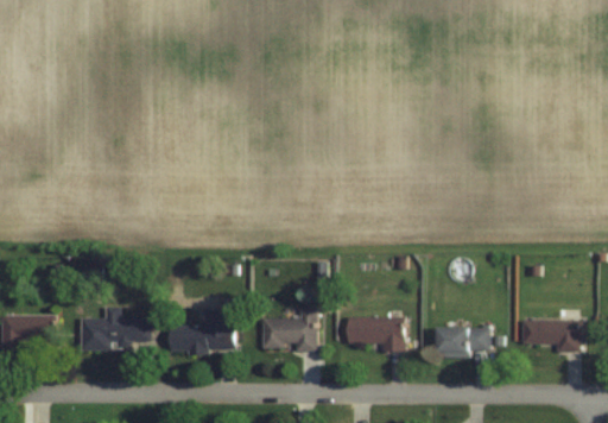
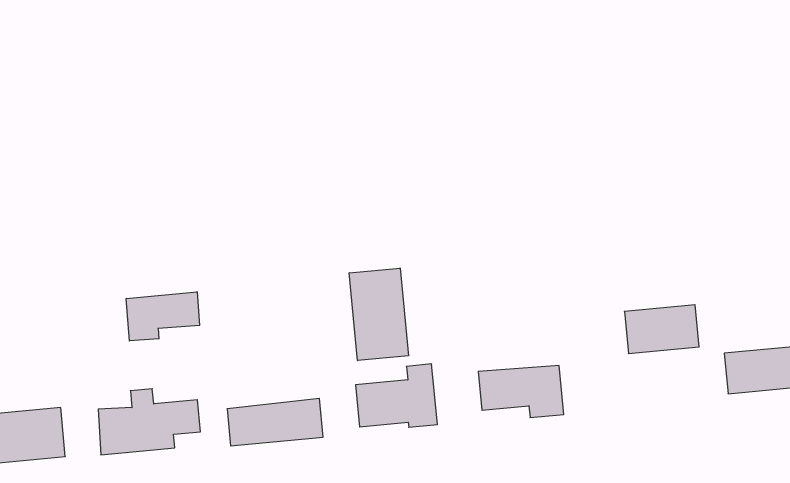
building: none -> [349,268,408,361]
building: none -> [126,292,200,341]
building: [438,328,488,358] -> [624,305,699,354]

